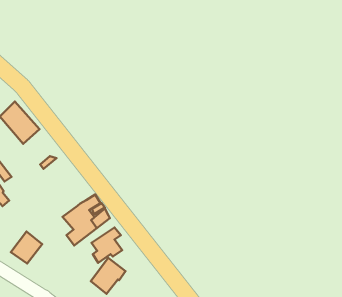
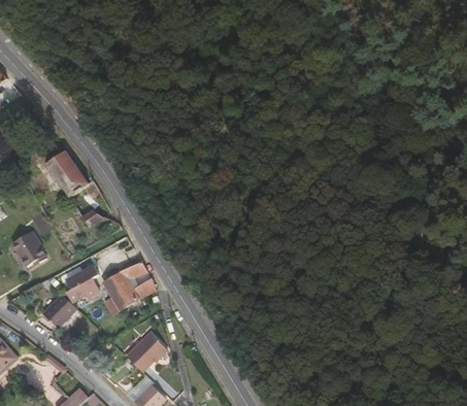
building: [92,227,122,263] -> [67,265,100,302]

